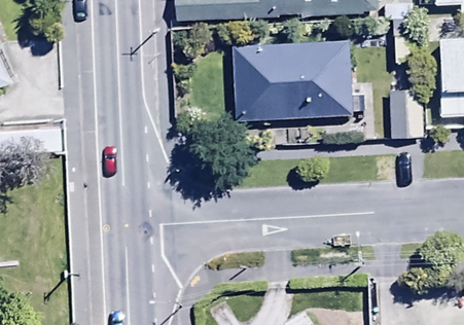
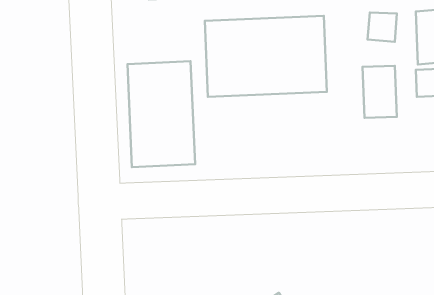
building: none -> [127,61,195,167]

